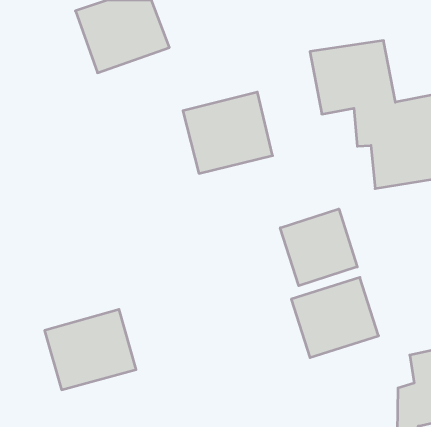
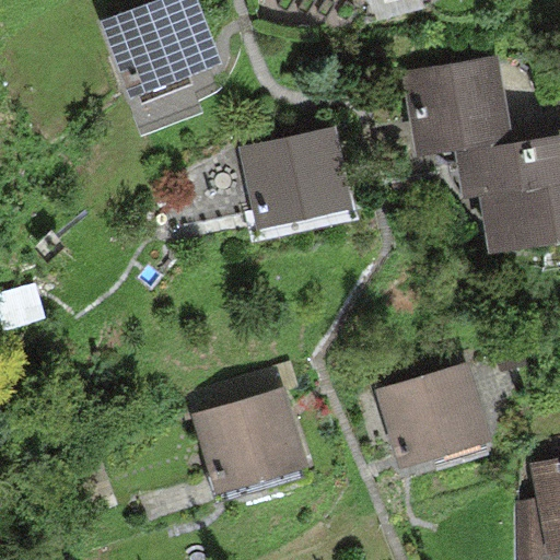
building: [280,209,357,286] -> none
building: [45,309,136,390] -> [188,388,306,492]

